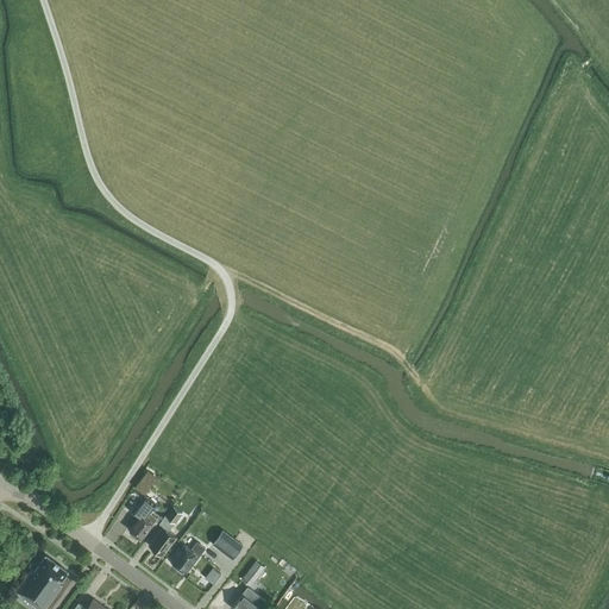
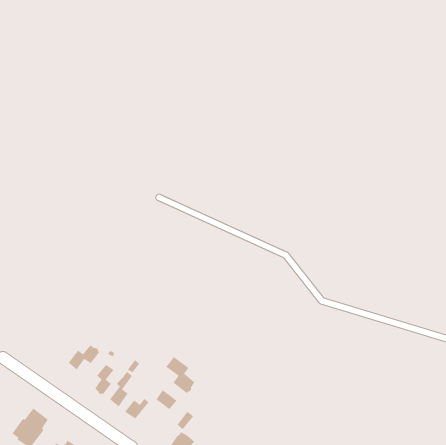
building: none -> [68,345,100,370]
building: none -> [165,356,195,394]

